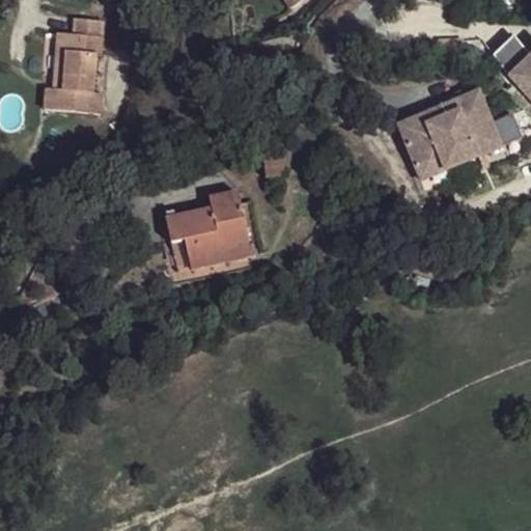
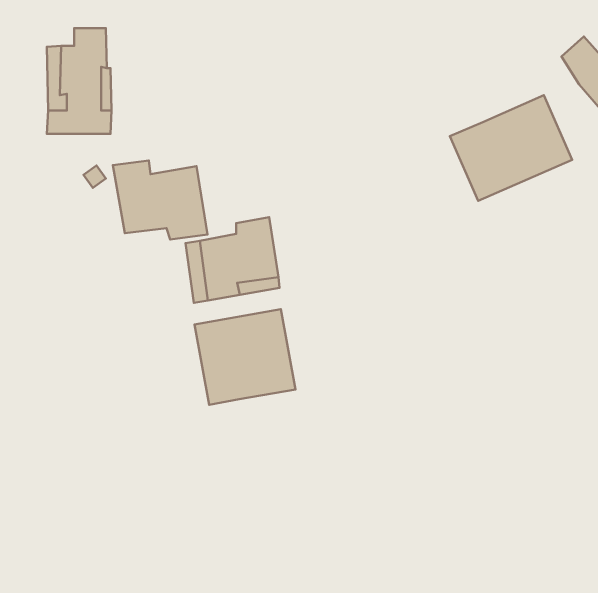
building: none -> [113,161,207,240]
building: none -> [195,309,295,405]

